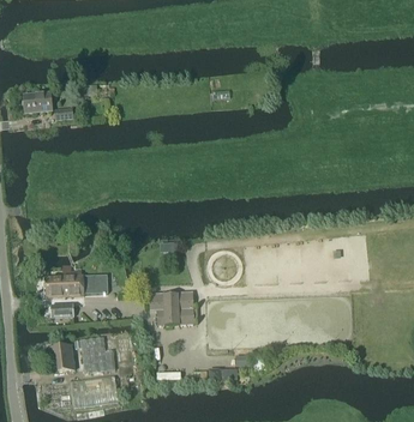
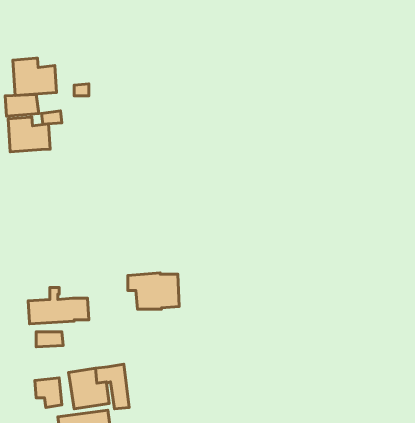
building: none -> [13,58,56,95]
building: none -> [8,117,50,152]
building: [149,291,194,324] -> [128,273,179,309]

